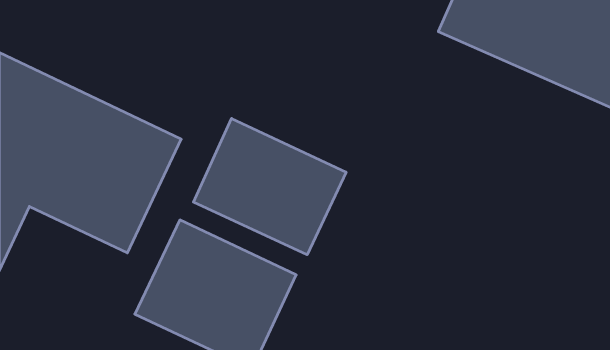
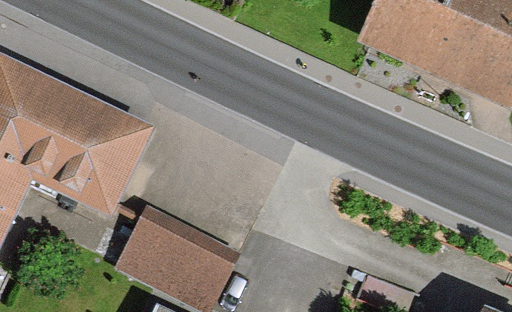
building: [193,118,346,255] -> none

